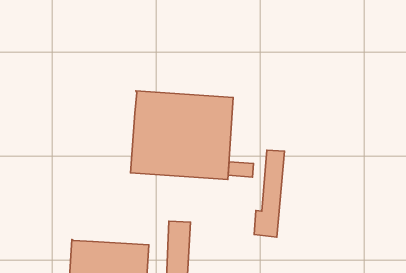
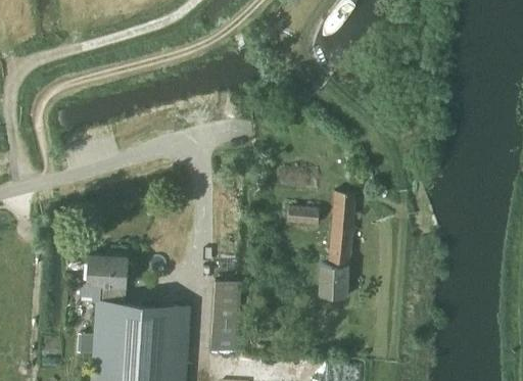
building: [131,91,233,179] -> none
building: none -> [80,256,133,304]

